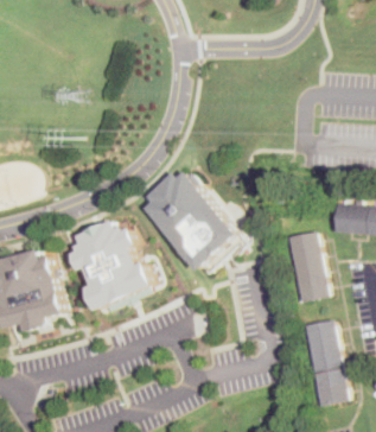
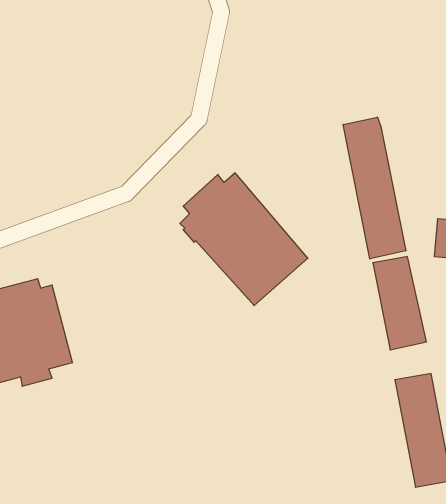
building: none -> [343,117,406,259]
building: [71,220,153,310] -> none

